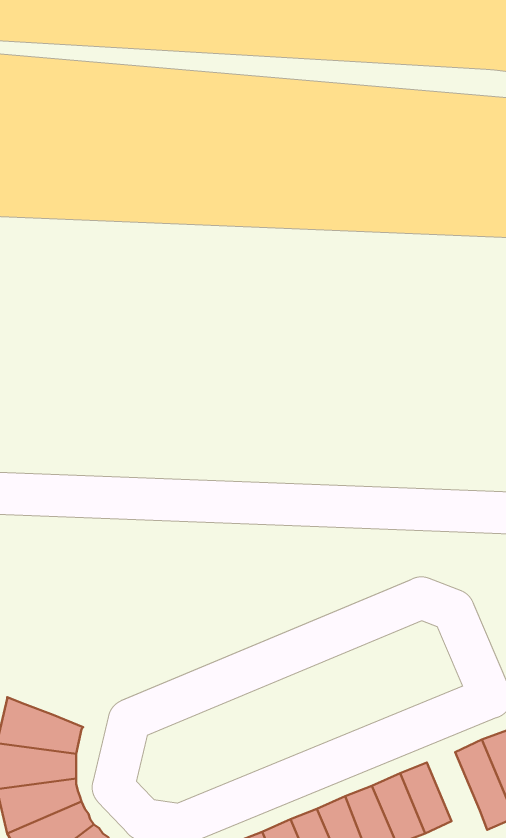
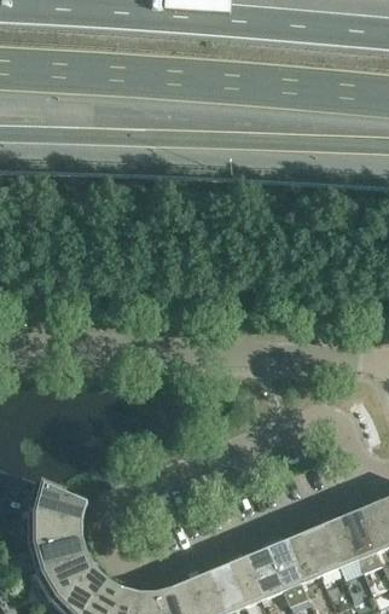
building: none -> [323,517,359,564]

